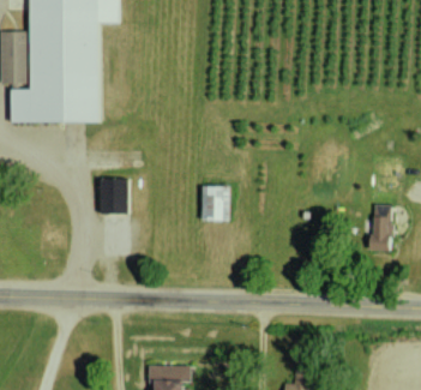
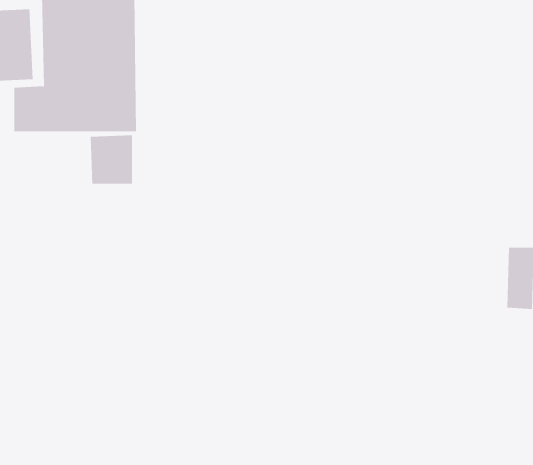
building: [96,178,127,214] -> [90,135,133,184]
building: [200,186,227,220] -> none

